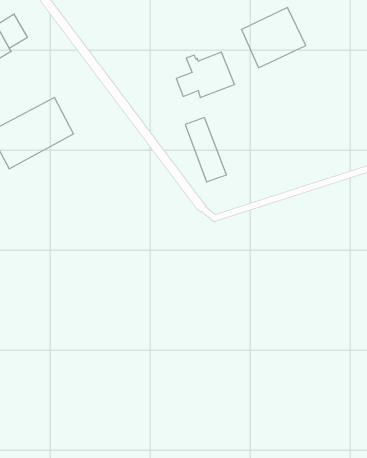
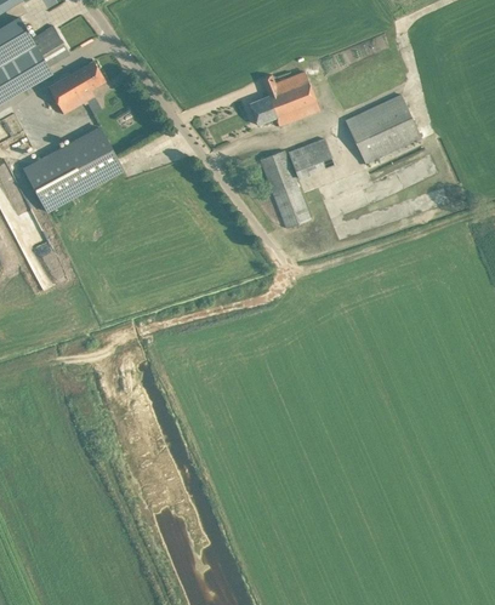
building: [241,7,306,68] -> [343,92,421,165]
building: none -> [46,59,103,112]
building: none -> [286,138,332,178]

